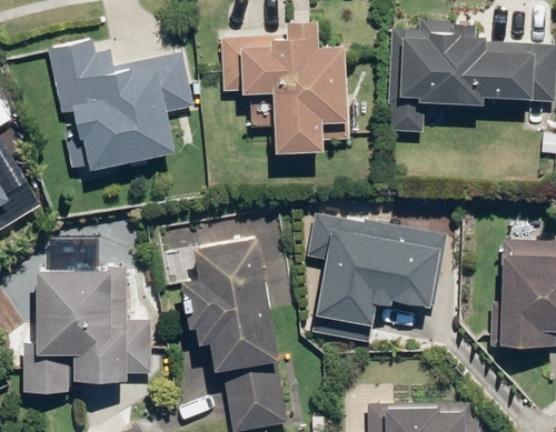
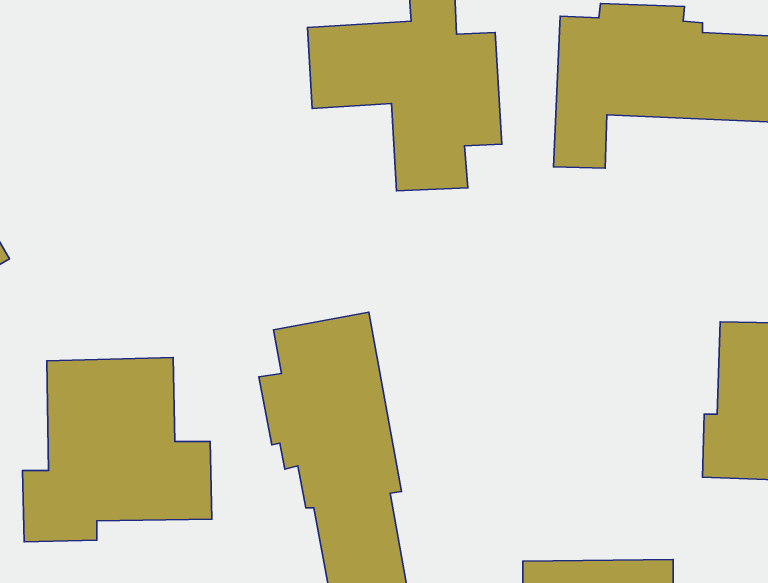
building: [47,42,191,171] -> none
building: [305,217,445,324] -> none

